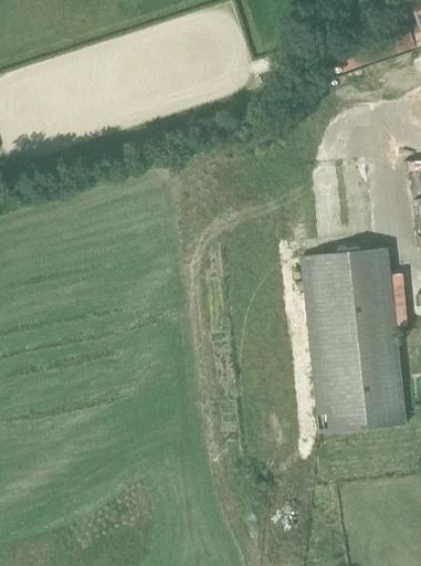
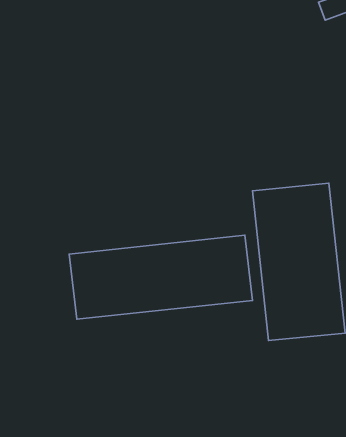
building: none -> [69,235,253,319]

